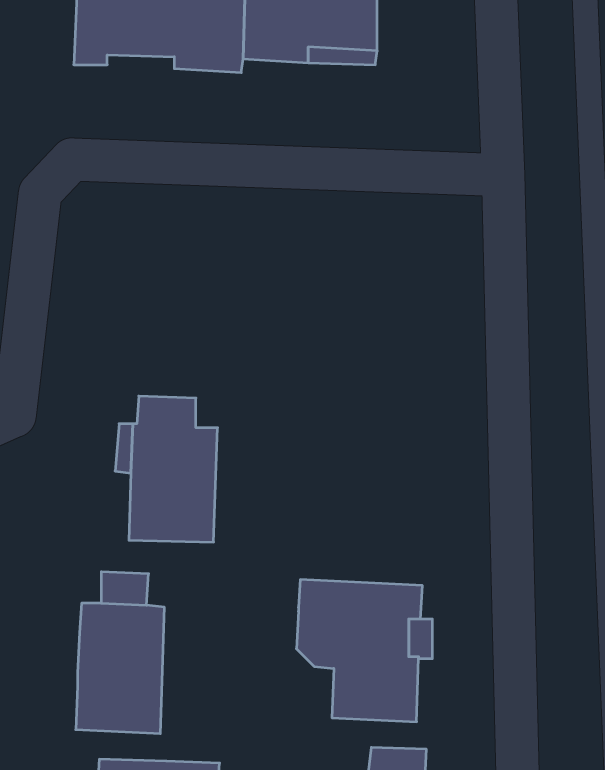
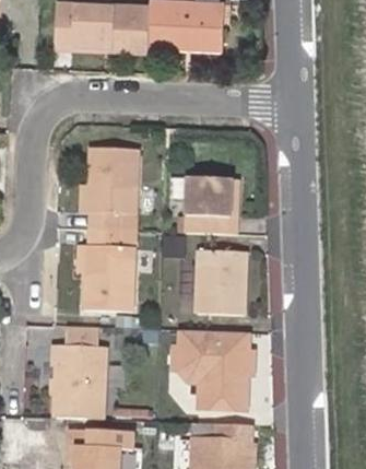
building: none -> [87,152,138,232]
building: none -> [187,179,239,236]
building: none -> [198,254,244,315]

